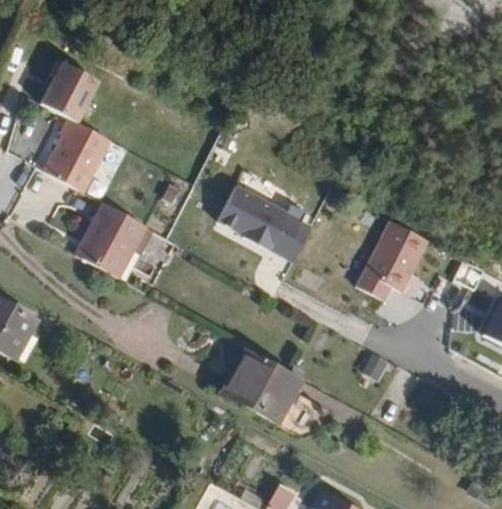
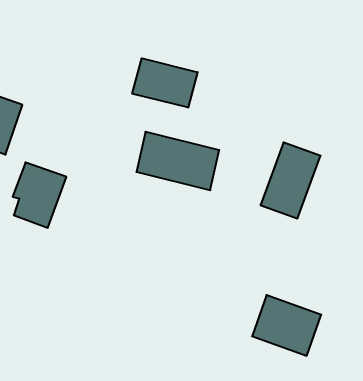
building: none -> [132,58,198,108]
building: [219,346,299,420] -> [252,295,321,356]

